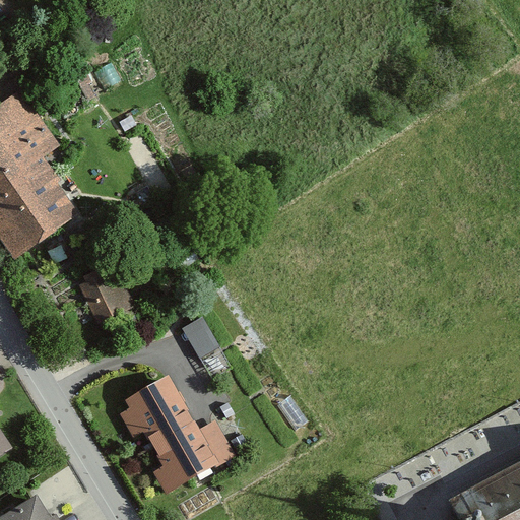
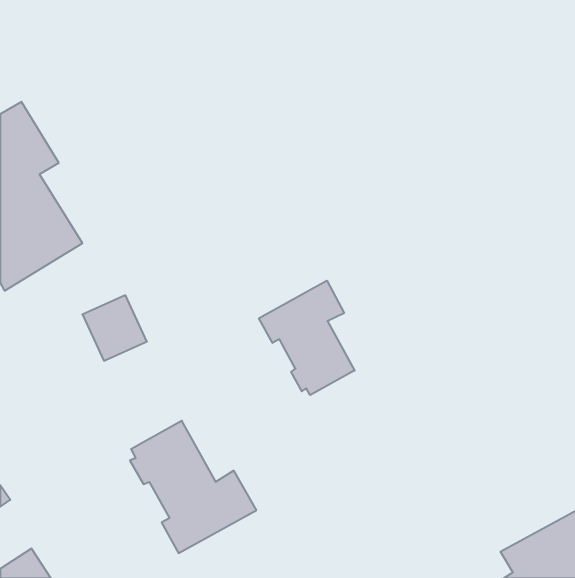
building: none -> [259,281,355,395]
building: [185,313,222,353] -> none

